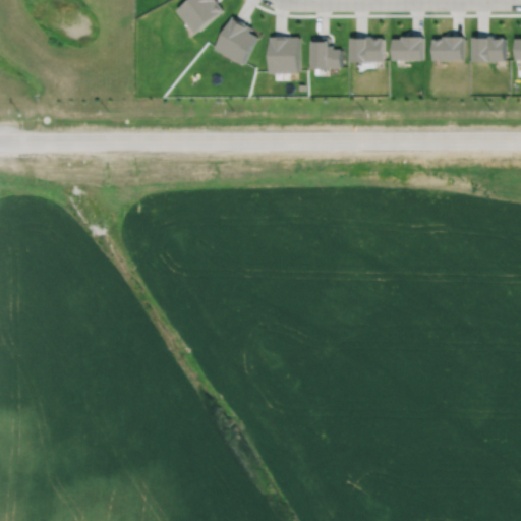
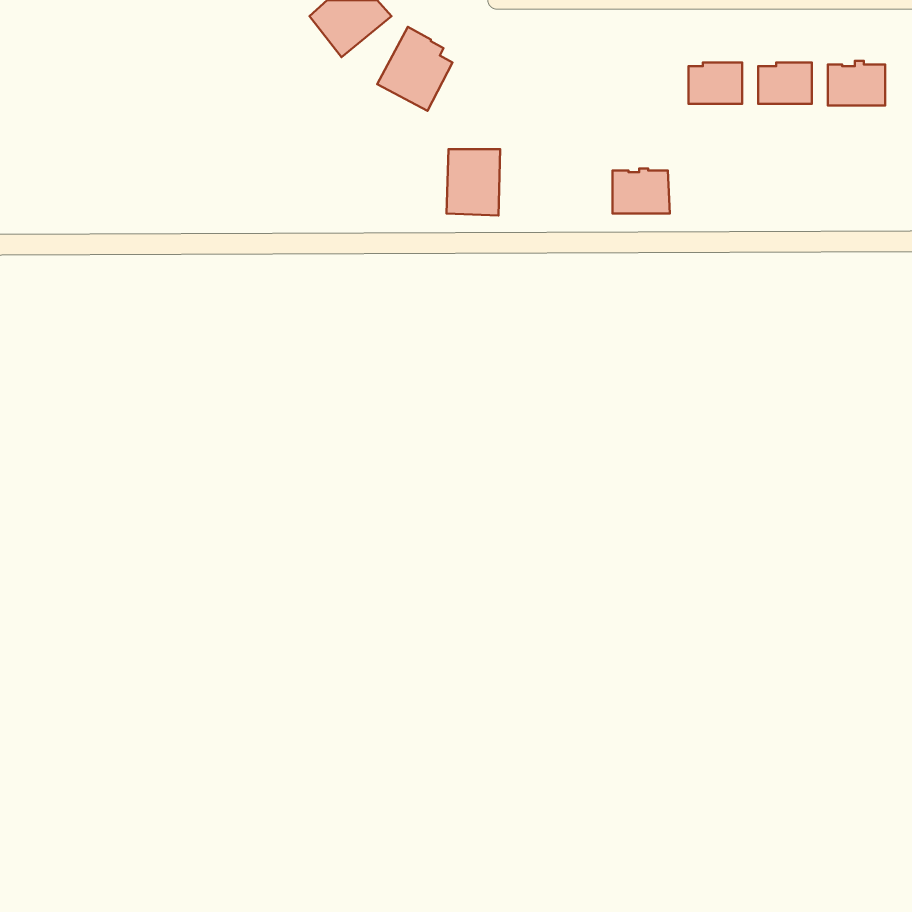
building: [270,37,300,74] -> [447,149,500,215]
building: [312,37,342,69] -> none
building: [351,37,384,62] -> [613,169,670,213]

